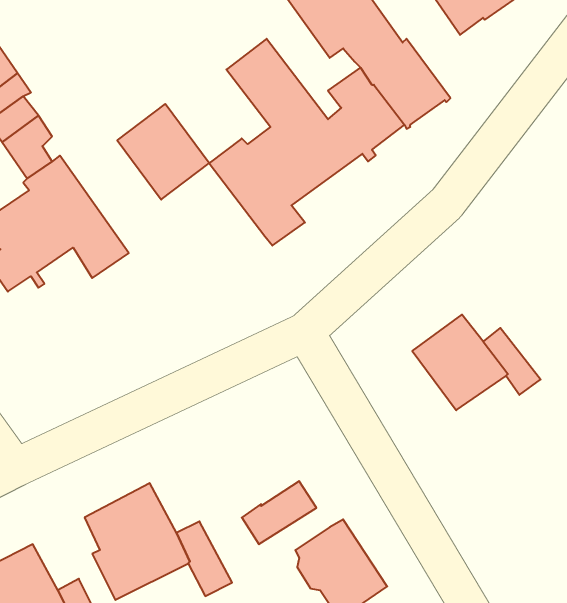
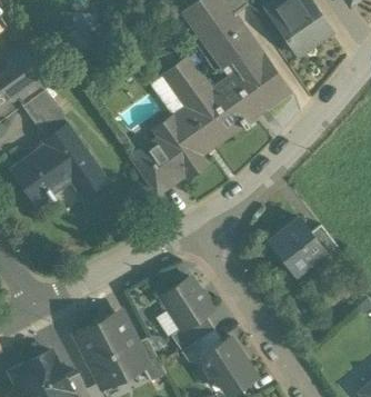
building: [117,104,209,200] -> [131,138,184,193]
building: none -> [161,277,211,329]
building: none -> [181,330,222,365]

